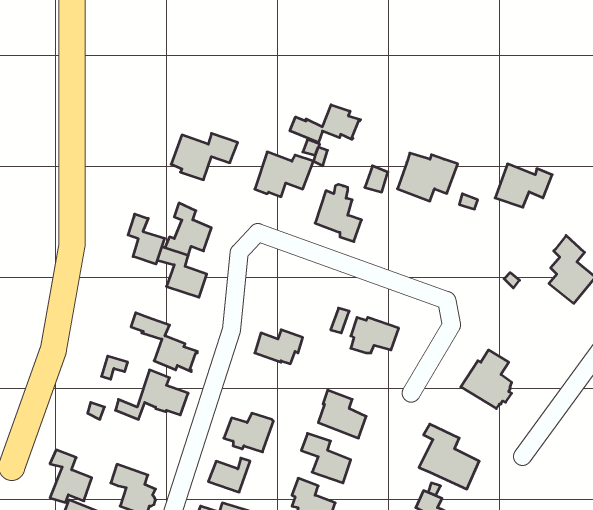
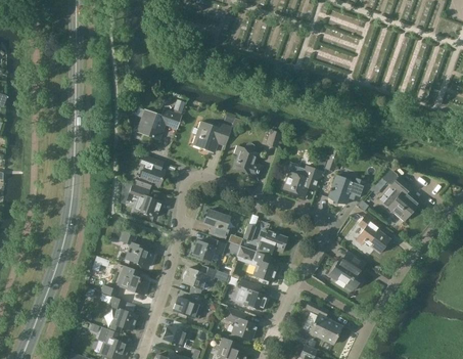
building: [290,105,361,143] -> none
building: [397,153,458,201] -> [283,165,323,196]
building: [495,164,552,207] -> [328,175,366,204]
building: [128,214,165,264] -> none
building: none -> [204,210,230,238]
building: none -> [356,213,389,253]
building: none -> [236,245,277,284]
building: none -> [182,265,216,298]
building: [50,450,92,502] -> [109,297,137,331]

